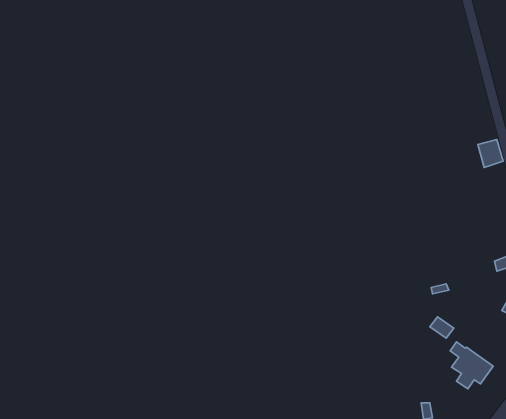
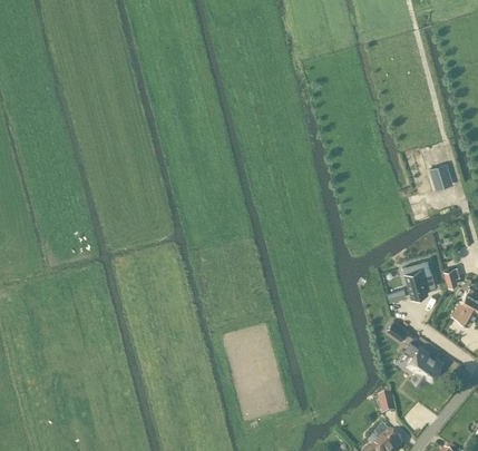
building: none -> [403,259,435,297]

